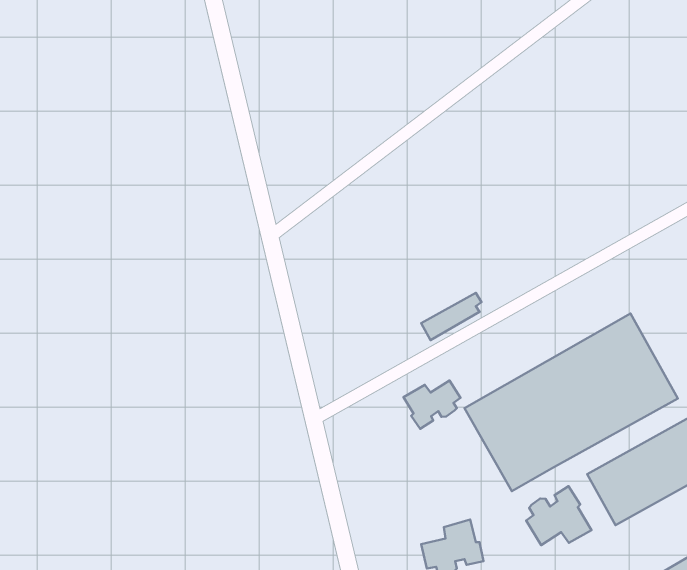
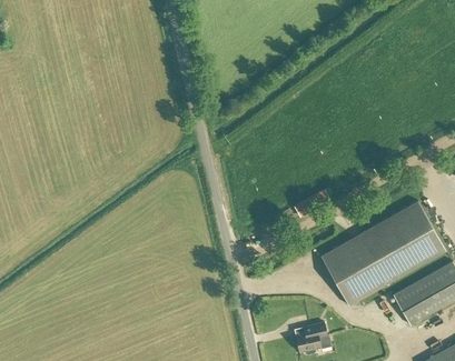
building: [403,381,461,429] -> none
building: [526,486,591,545] -> none

